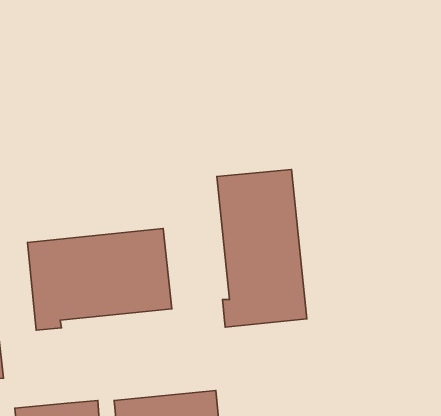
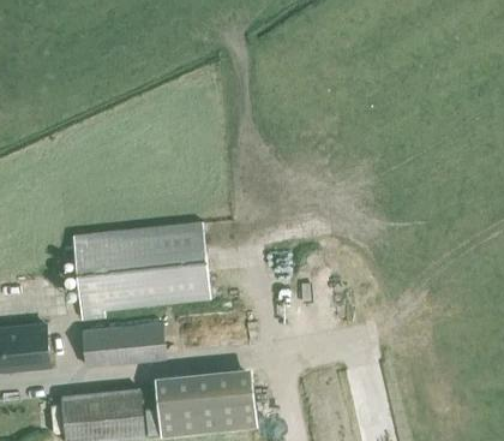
building: [217,169,307,327] -> none
building: none -> [80,321,164,366]

